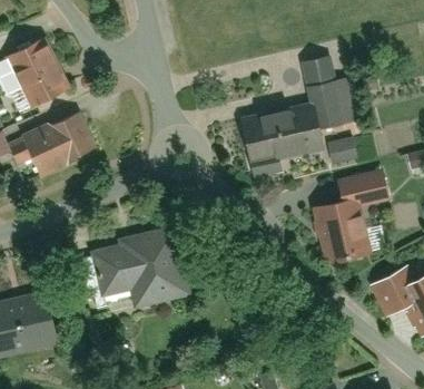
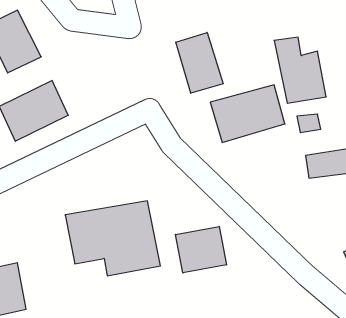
building: none -> [176,32,223,93]
building: [313,204,366,263] -> none
building: none -> [175,226,227,273]

